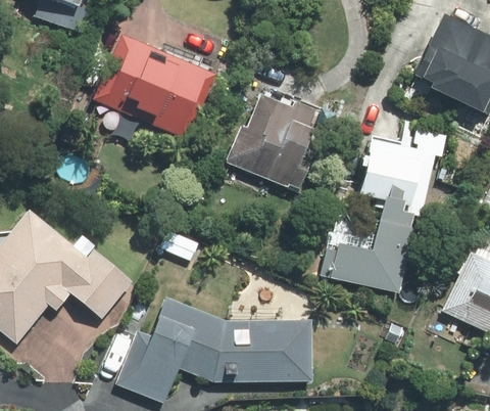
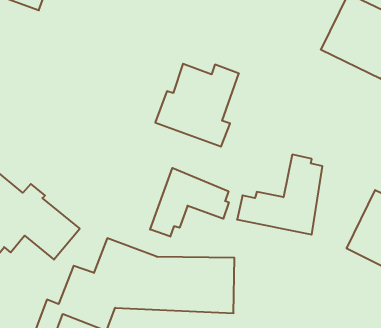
building: [95,32,212,137] -> none
building: [356,129,445,210] -> none
building: none -> [150,168,229,237]

